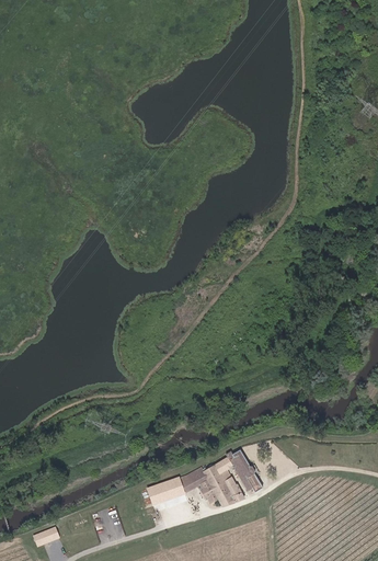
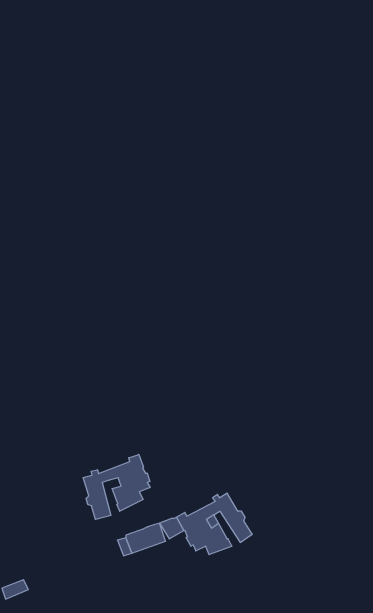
building: none -> [83,454,150,519]

